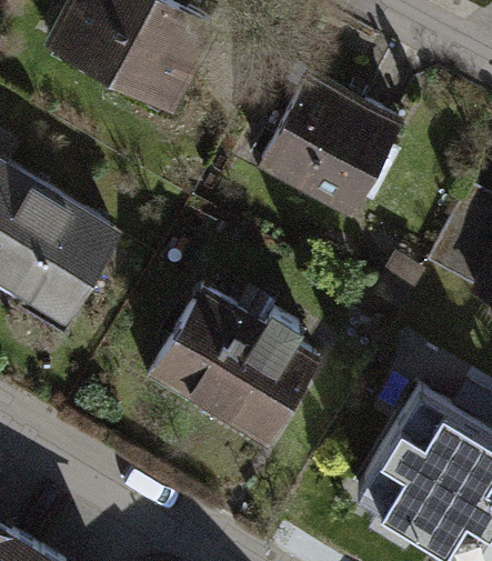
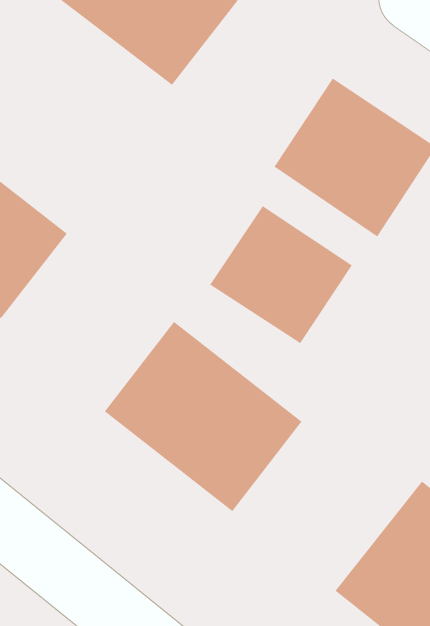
building: none -> [209,205,353,344]

